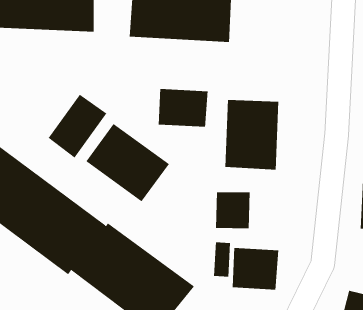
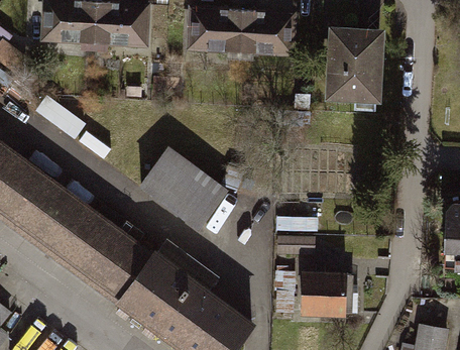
building: [158,88,208,128] -> none
building: [48,94,107,158] -> none
building: [224,100,279,170] -> [328,23,387,100]

